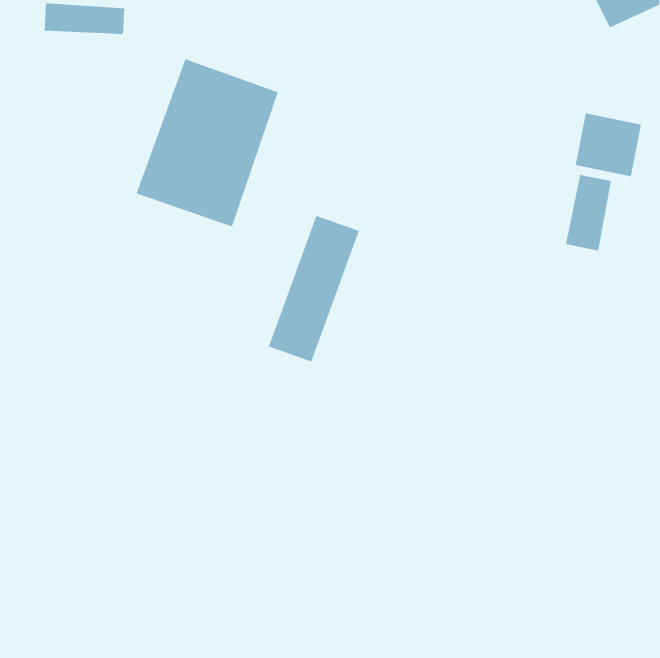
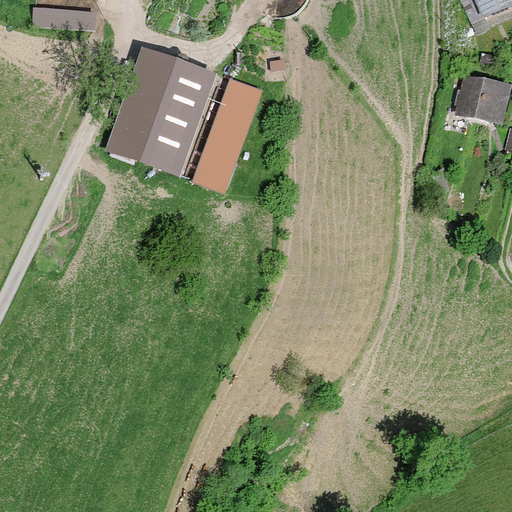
building: [565,174,612,252] -> none
building: [268,215,360,362] -> [192,77,263,191]

